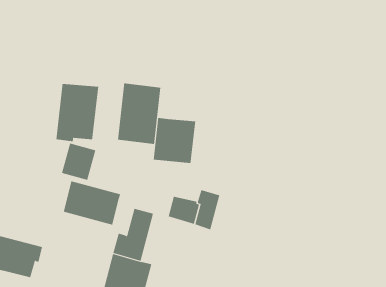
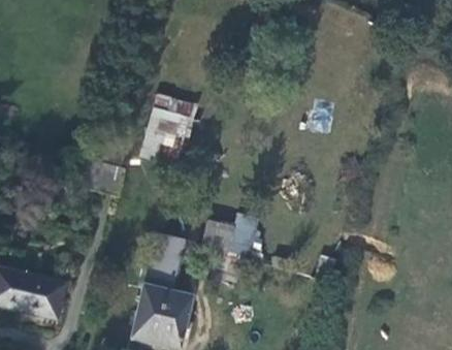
building: [56,83,99,142] -> none
building: [153,117,196,164] -> none
building: [63,180,121,226] -> none

